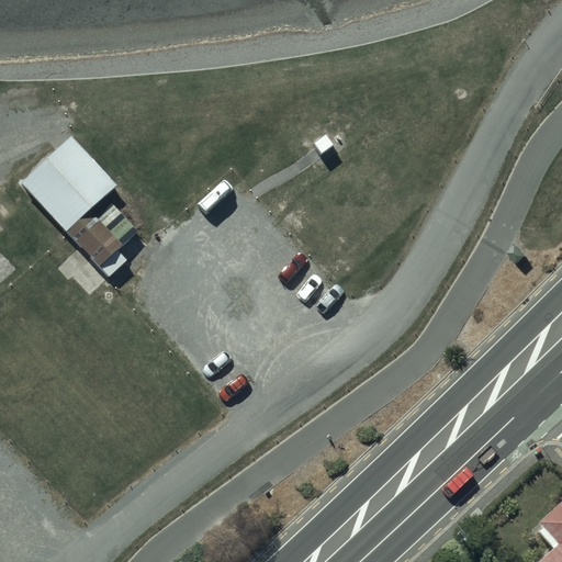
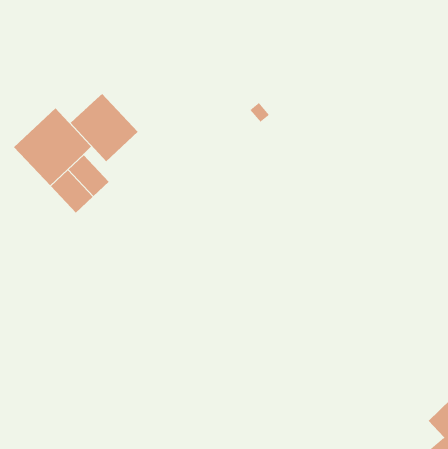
building: none -> [70,93,139,162]

